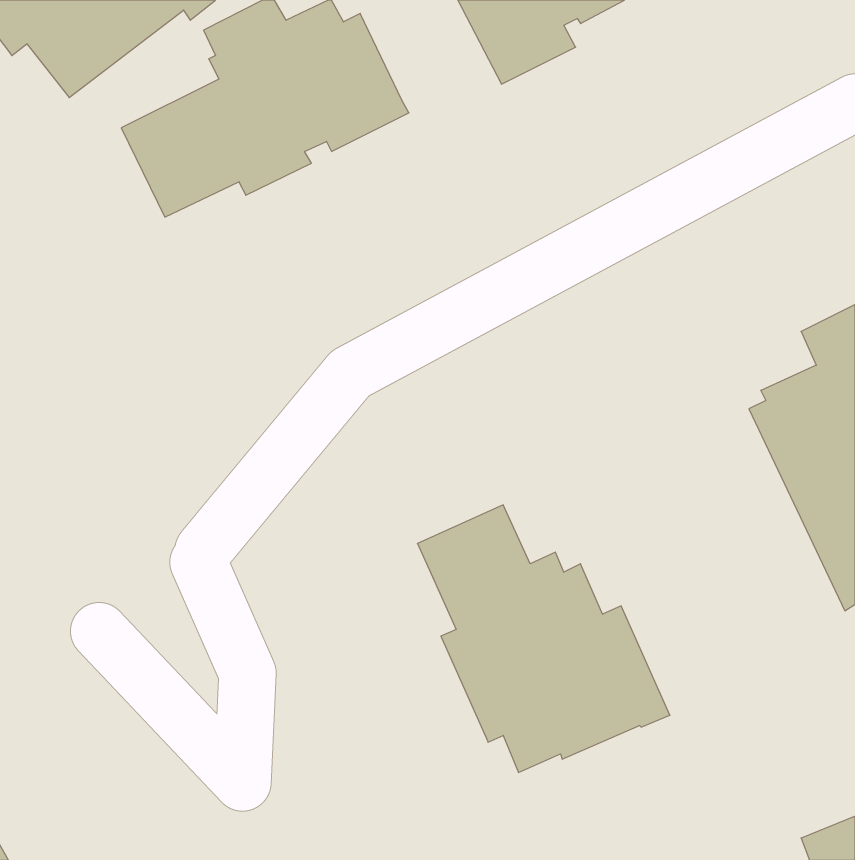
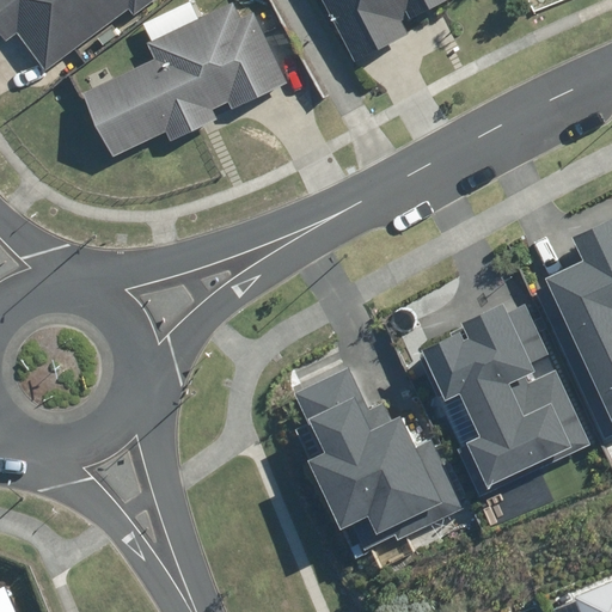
building: none -> [418,304,588,496]

